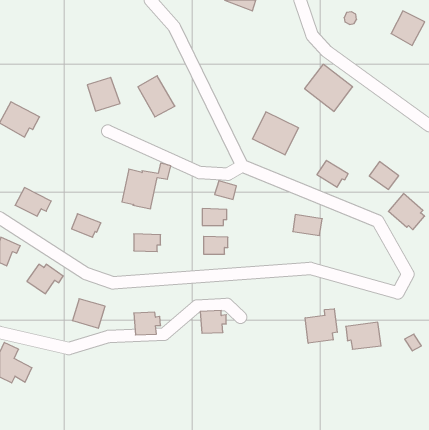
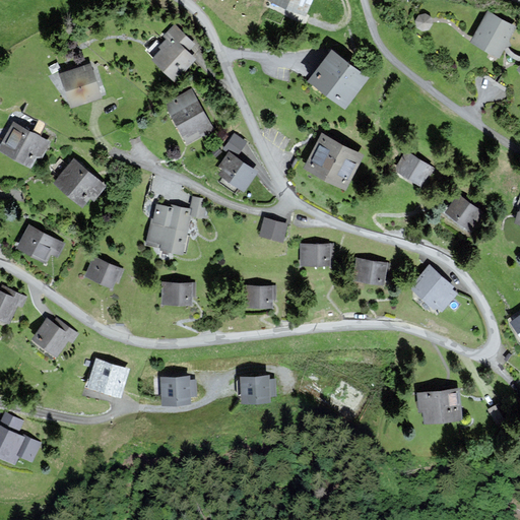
building: none -> [153,26,193,78]
building: [305,64,353,111] -> [308,50,366,107]
building: [87,77,120,111] -> [60,65,100,106]
building: none -> [219,135,255,189]
building: none -> [54,159,104,205]
building: [317,160,348,187] -> [395,152,433,185]
building: [388,194,425,230] -> [410,266,454,310]
building: [202,209,227,225] -> [302,244,331,264]
building: [305,309,337,343] -> none

